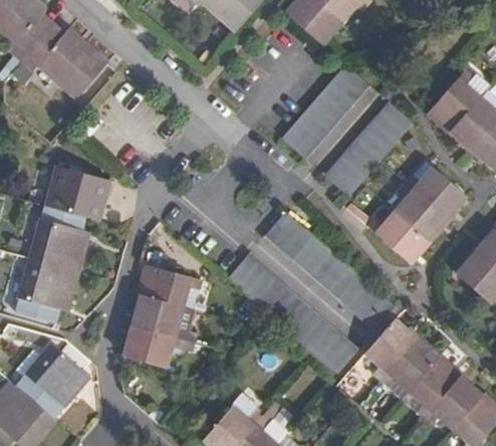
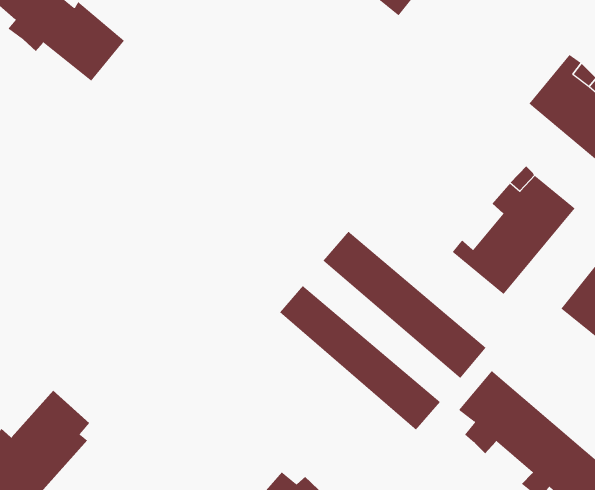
building: [276,74,365,173] -> none
building: [317,104,405,202] -> none
building: [18,167,103,325] -> none
building: [128,270,200,372] -> none

